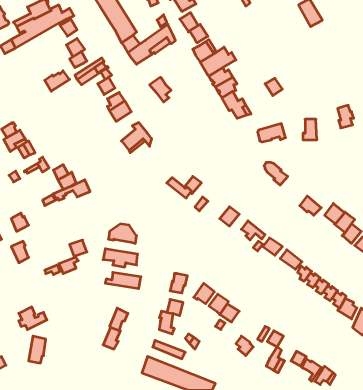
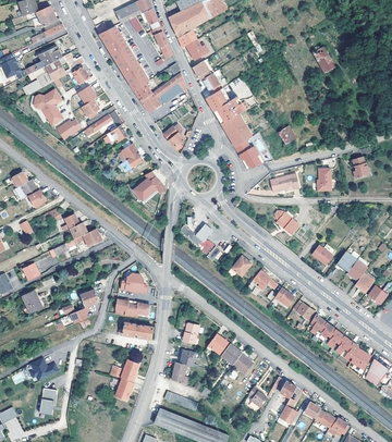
building: none -> [33,89,62,125]

